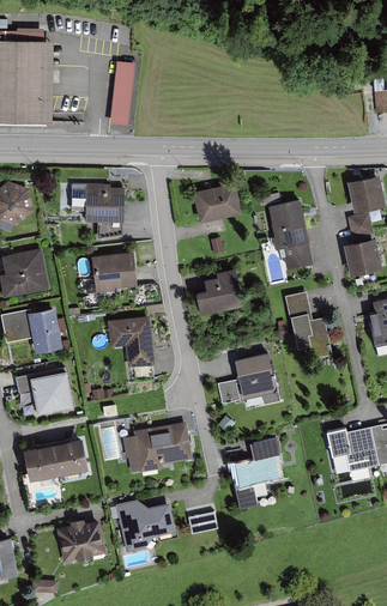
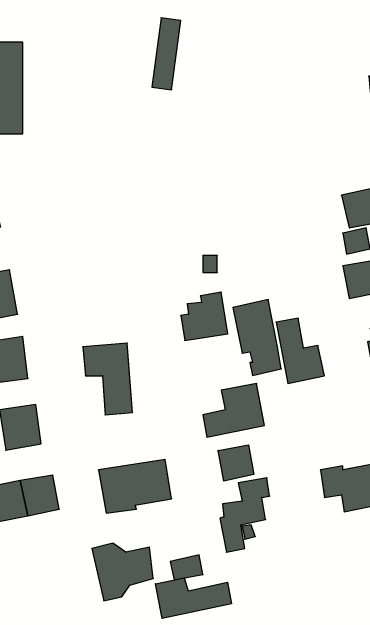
building: [109,61,135,127] -> [152,18,181,90]
building: [192,182,240,222] -> none
building: [69,183,122,222] -> none
building: [267,199,312,268] -> [233,300,281,375]
building: [90,252,135,293] -> none
building: none -> [218,445,254,481]
building: [58,521,104,564] -> none
building: none -> [155,578,231,618]

